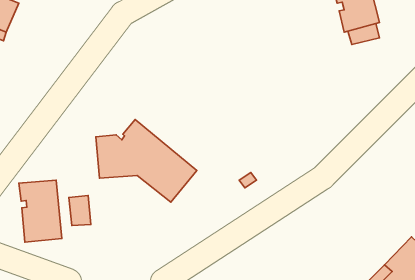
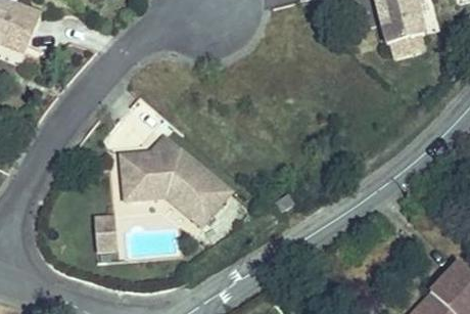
building: [19,180,62,242] -> none

